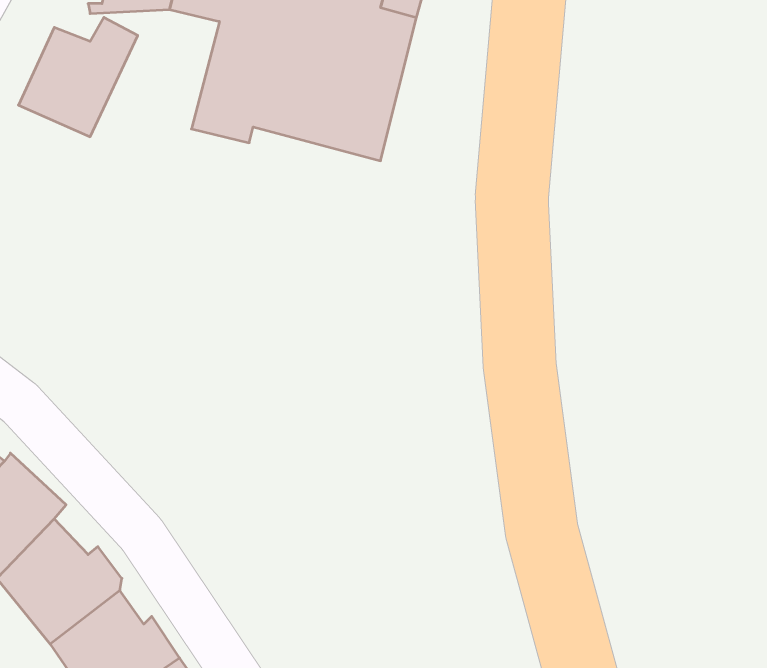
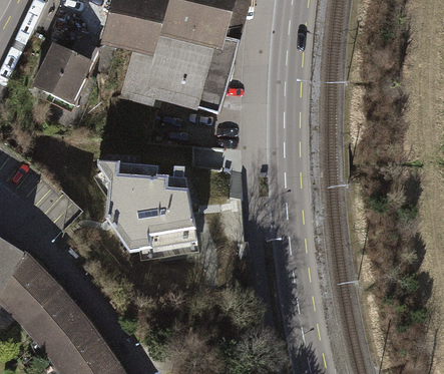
building: none -> [98,159,198,252]

